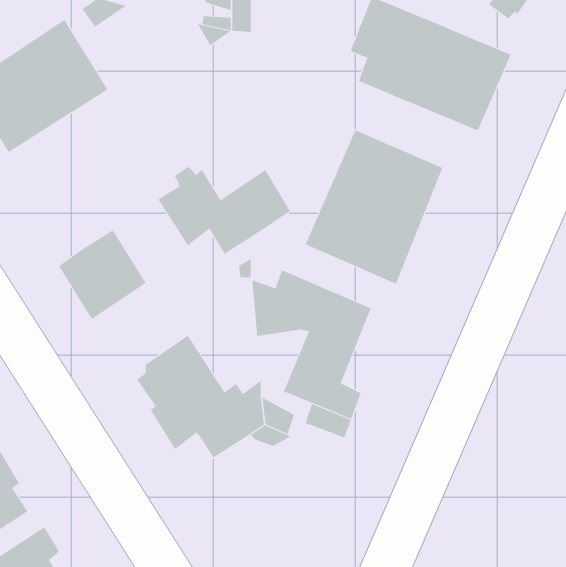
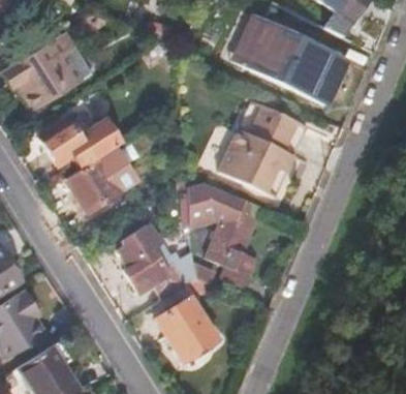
building: [158,166,291,254] -> [39,116,122,171]
building: none -> [156,297,218,362]

